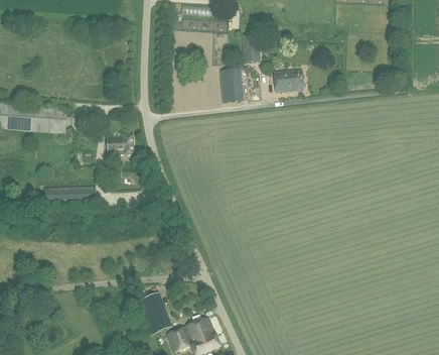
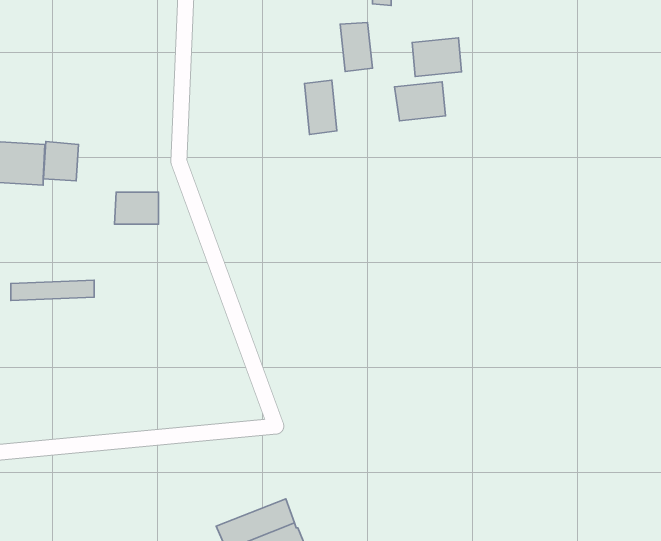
building: none -> [412,38,462,77]
building: none -> [44,142,78,181]
building: [139,291,170,333] -> none

